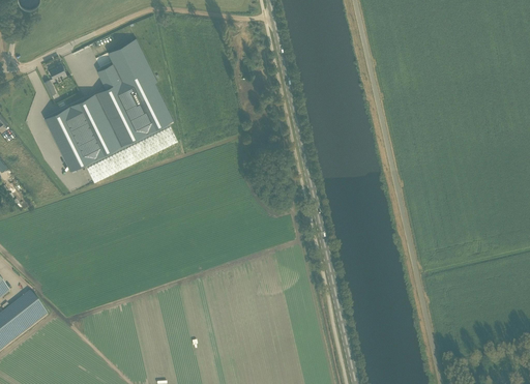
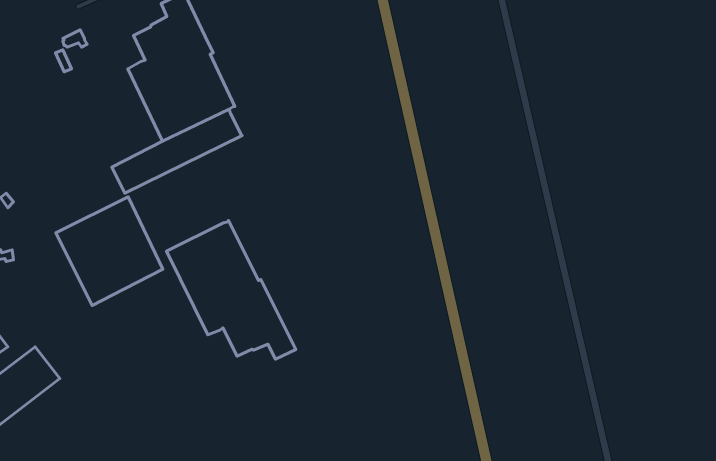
building: [41,86,118,164] -> [56,197,163,305]
building: none -> [167,221,296,359]

